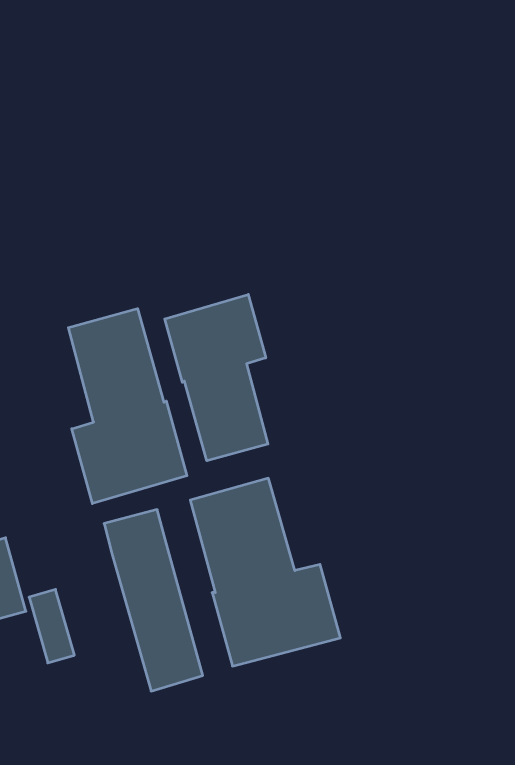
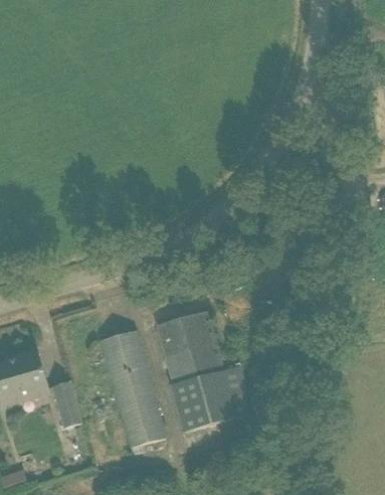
building: [165,294,268,461] -> none
building: [68,309,187,504] -> none

